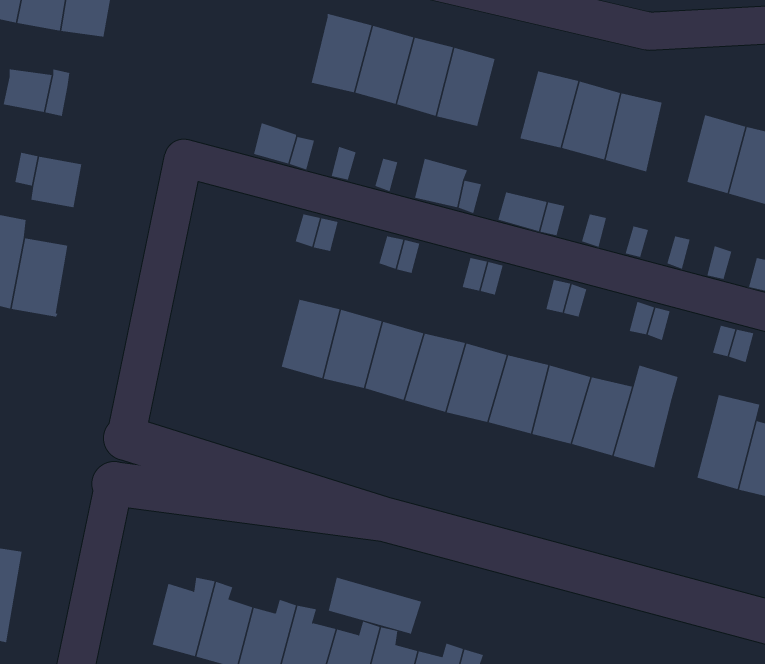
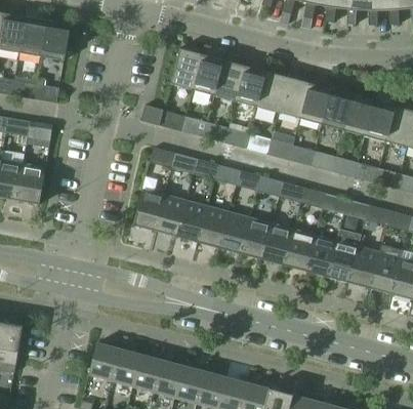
building: none -> [257,72,288,113]
building: none -> [344,94,374,135]
building: none -> [132,190,165,231]
building: none -> [348,247,379,288]
building: [328,577,422,635] -> none

